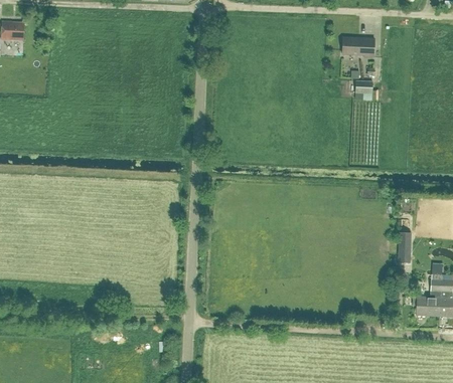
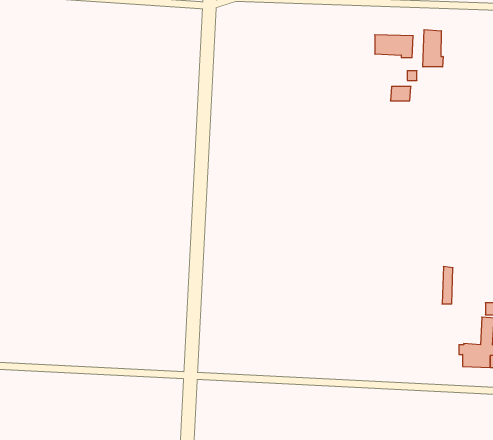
building: none -> [423,30,443,67]

